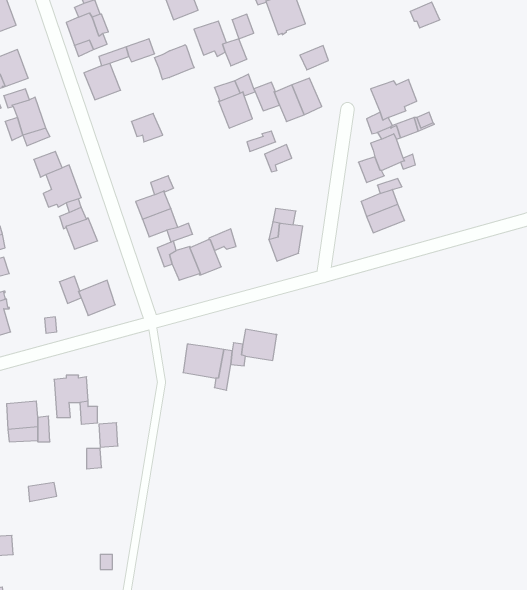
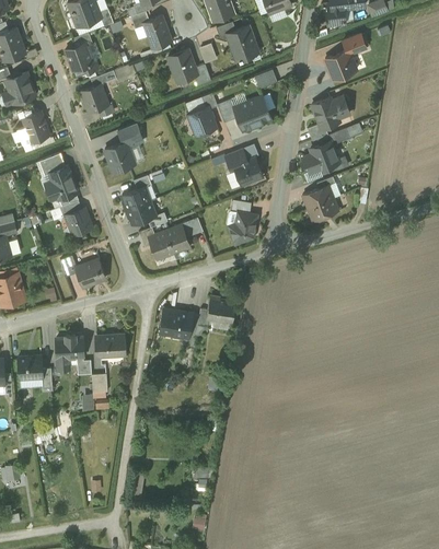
building: none -> [325,49,356,79]
building: [155,45,194,80] -> none
building: none -> [105,141,135,172]
building: none -> [234,157,263,185]
building: none -> [96,334,124,358]

